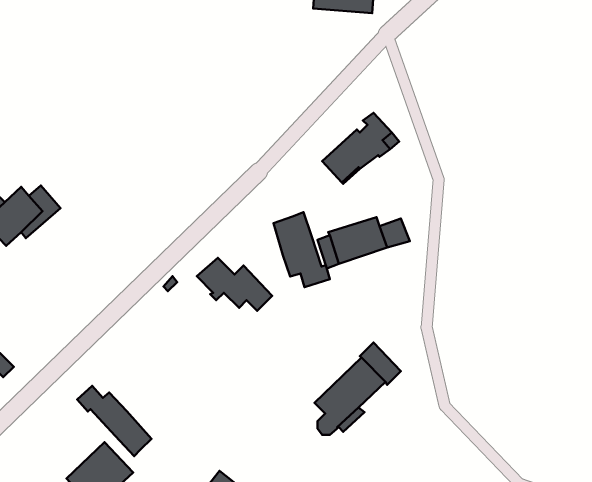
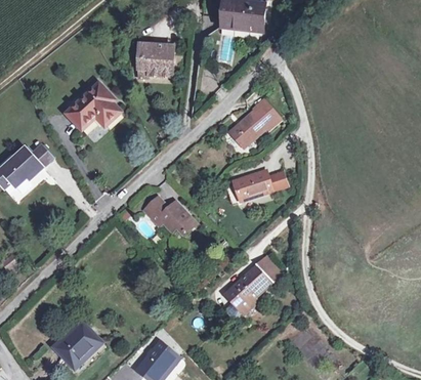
building: none -> [138,43,174,76]
building: none -> [67,84,119,128]
building: [273,212,330,287] -> none
building: [77,386,152,456] -> none

